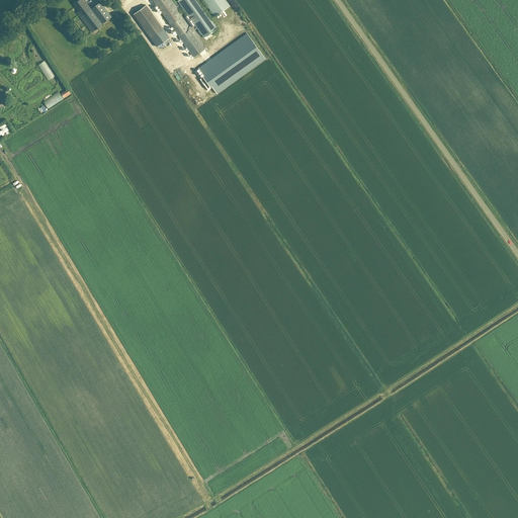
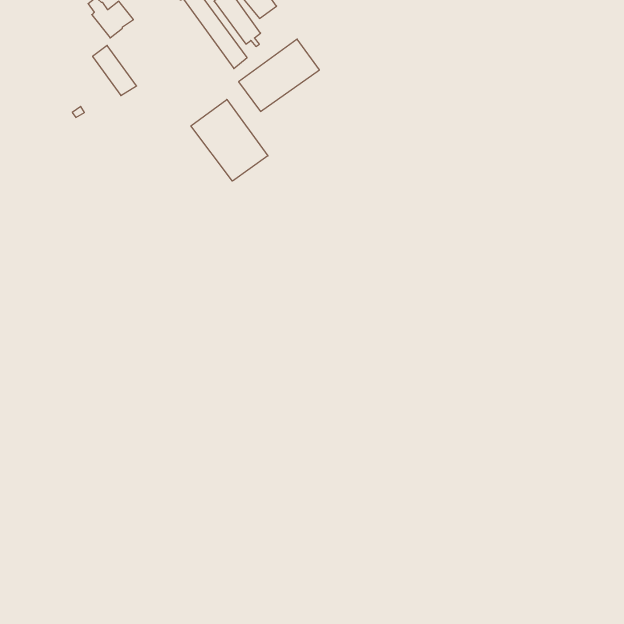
building: [133,4,169,46] -> [93,45,137,96]
building: none -> [191,99,268,181]

